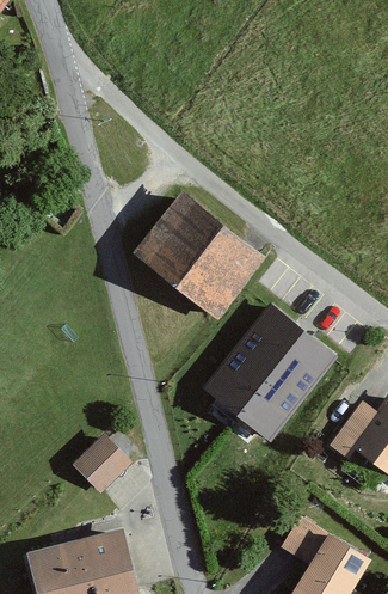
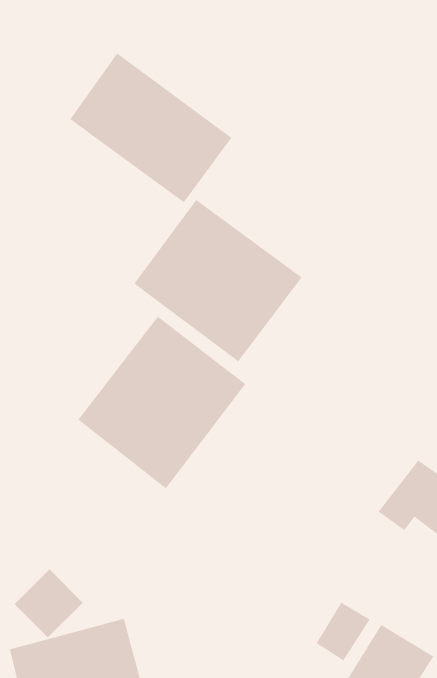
building: none -> [69,53,232,203]
building: [198,307,334,447] -> [77,316,246,489]
building: [73,434,129,490] -> [14,569,83,638]

